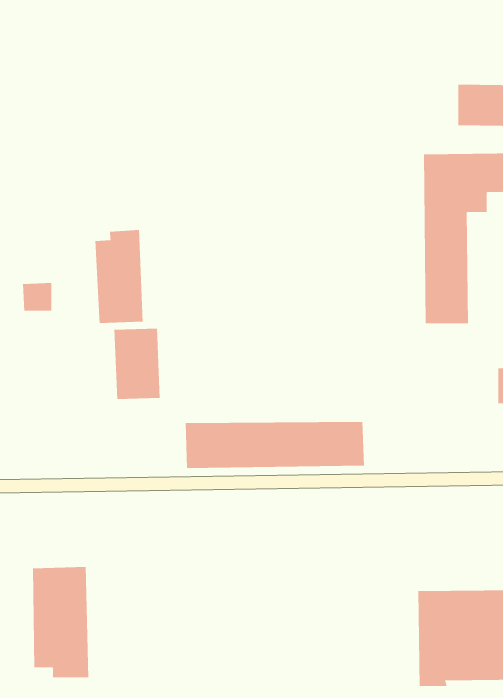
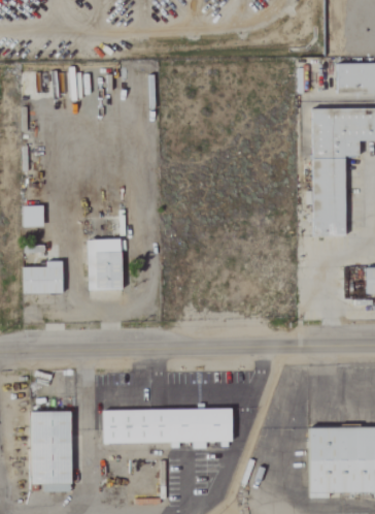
building: [95,229,143,324] -> none
building: none -> [24,261,64,293]
building: [185,421,365,469] -> [103,409,233,443]

